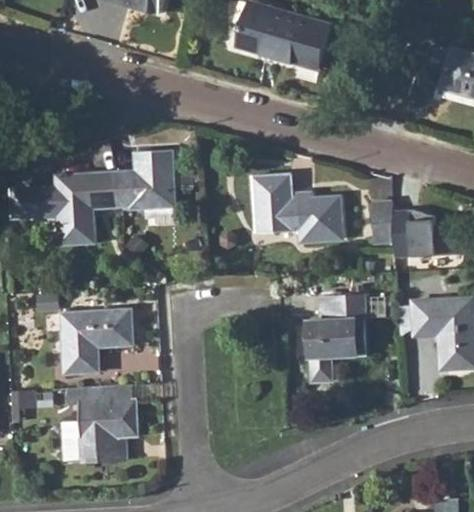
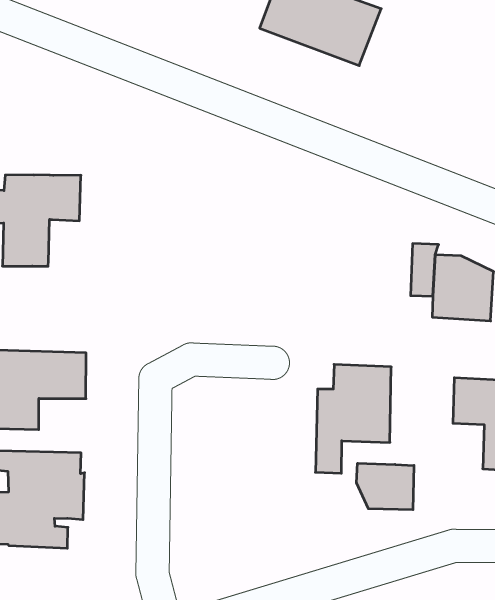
building: [113,150,174,209] -> none
building: [252,177,341,243] -> none
building: none -> [357,463,414,510]

